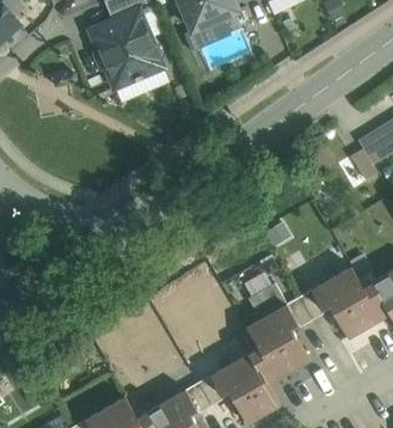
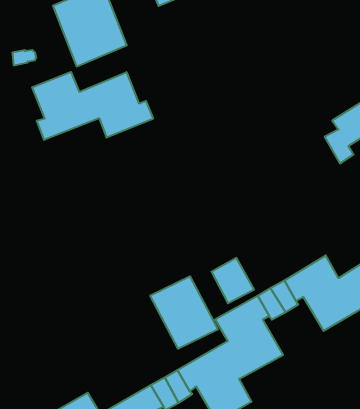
building: none -> [32,72,153,140]
building: none -> [150,276,218,349]

